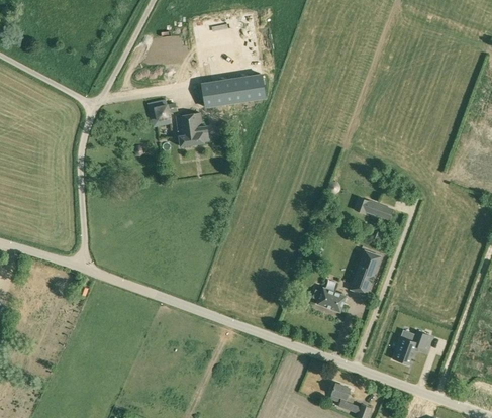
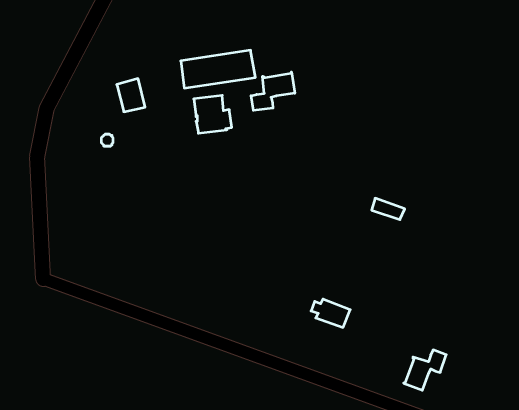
building: none -> [251,72,295,110]
building: [176,113,208,145] -> [194,95,232,133]
building: [349,249,381,296] -> none

